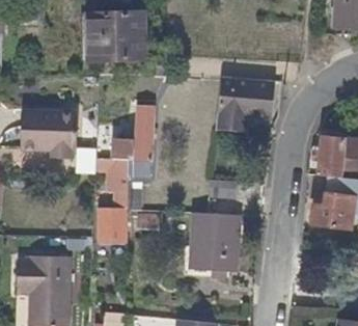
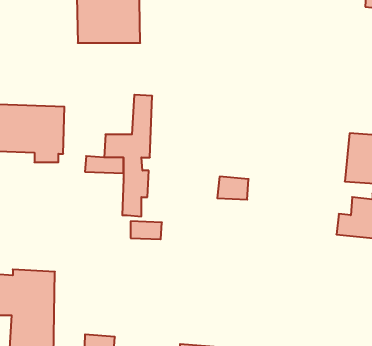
building: [216,79,273,135] -> none
building: [98,209,126,241] -> none
building: [193,211,241,272] -> none

